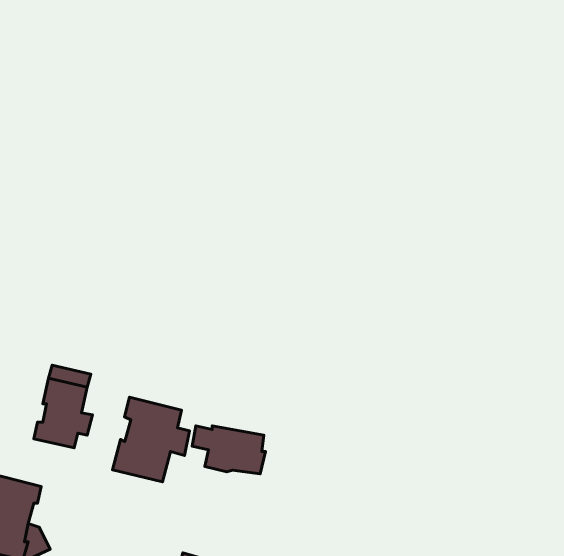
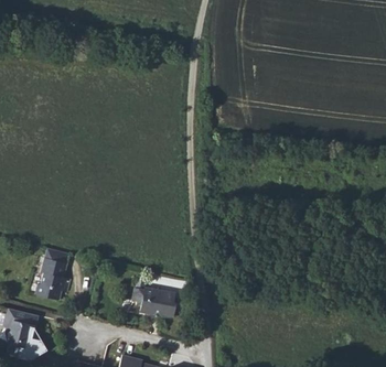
building: [113,397,189,482] -> none

